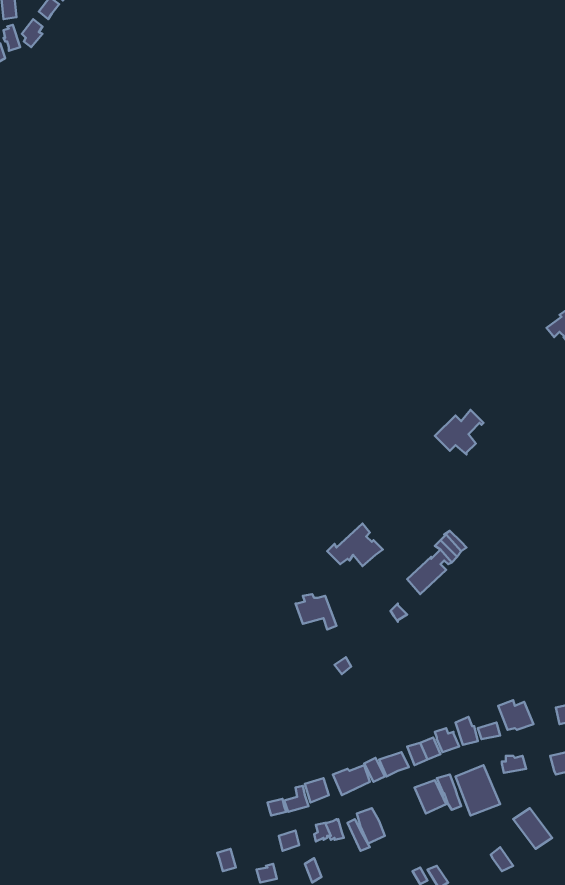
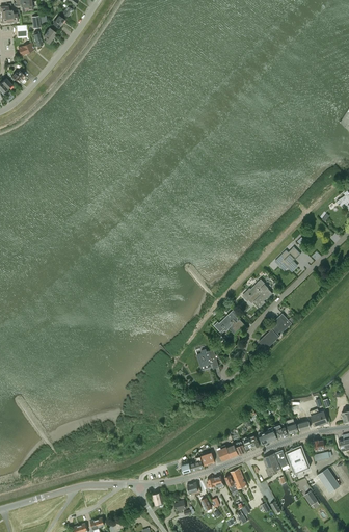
building: none -> [243,280,272,308]

